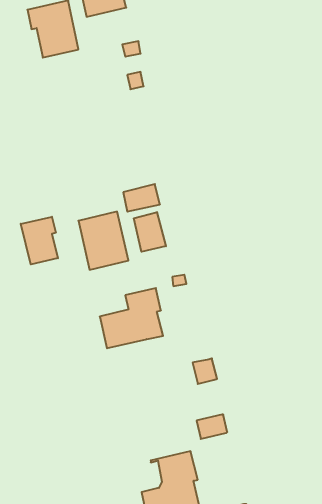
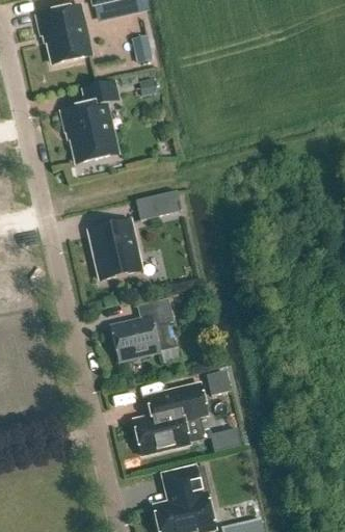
building: none -> [60,81,115,161]
building: [134,212,166,252] -> none
building: [21,217,58,264] -> none
building: none -> [132,382,206,454]

